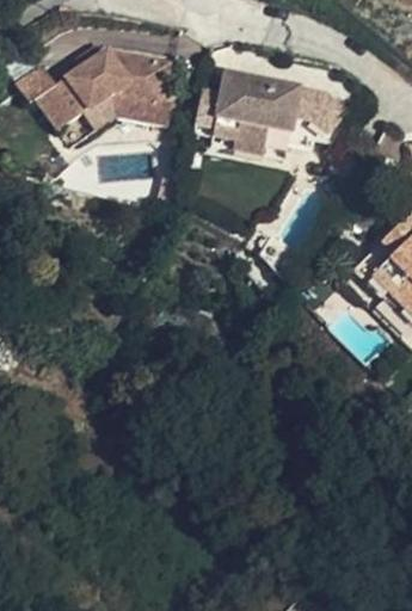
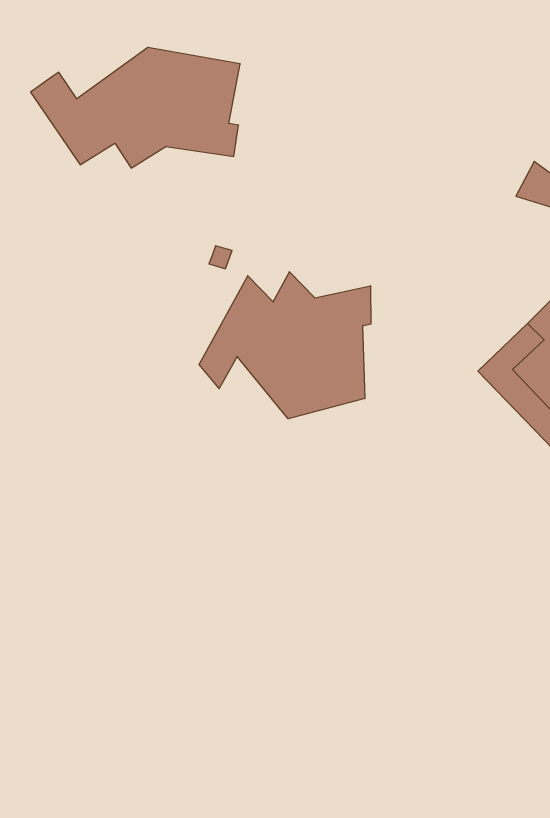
building: [202,72,355,153] -> none
building: none -> [199,272,371,419]

